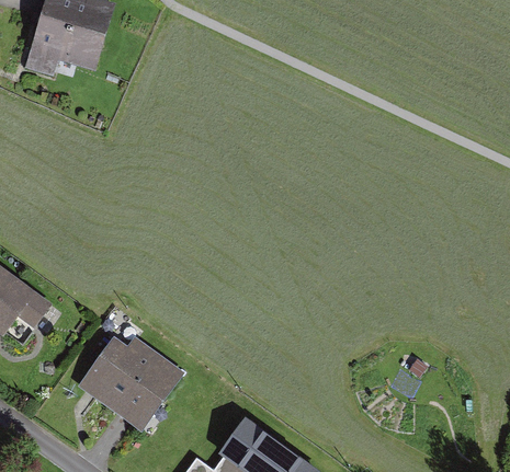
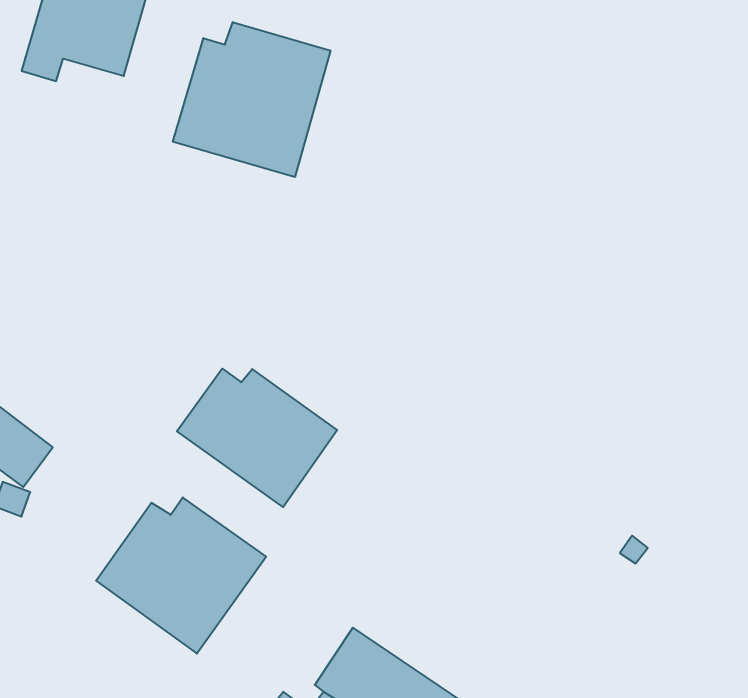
building: none -> [173,22,331,177]
building: none -> [177,369,337,507]

